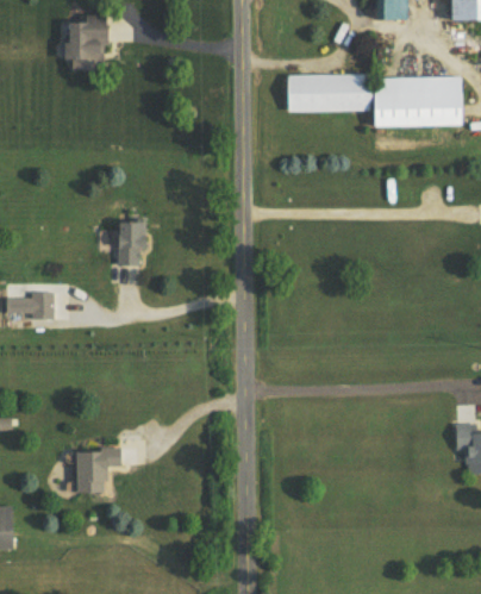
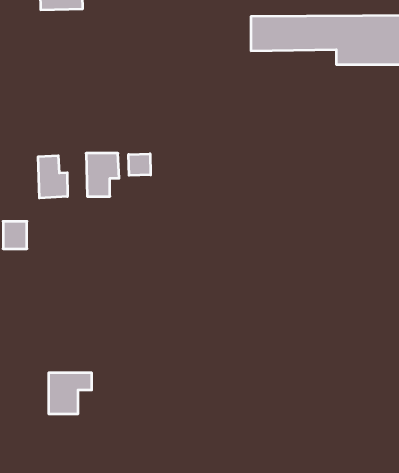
building: none -> [129,154,151,175]
building: none -> [38,156,67,198]

